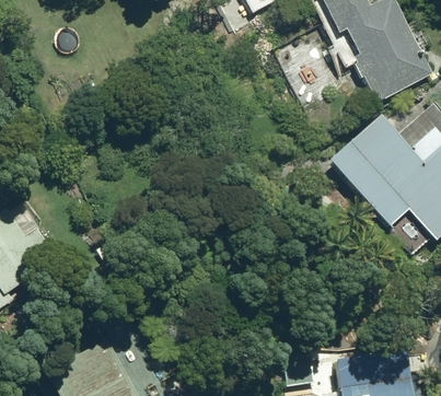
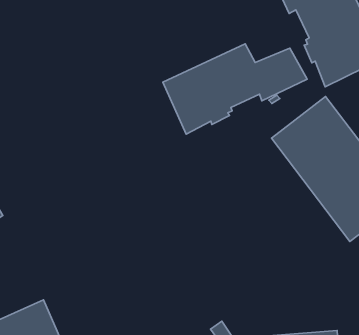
building: none -> [163,44,307,134]

